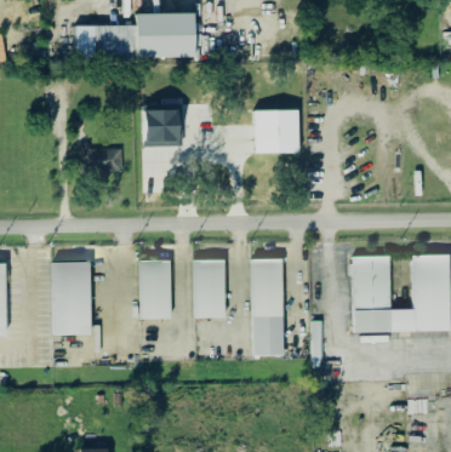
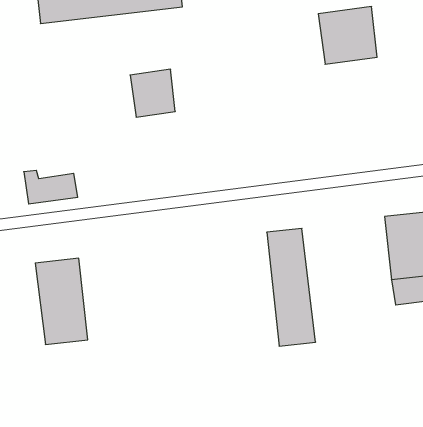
building: [256,109,302,154] -> [318,7,377,64]
building: [81,143,125,171] -> [24,170,78,204]
building: [138,258,170,317] -> none
building: [193,258,223,316] -> none

